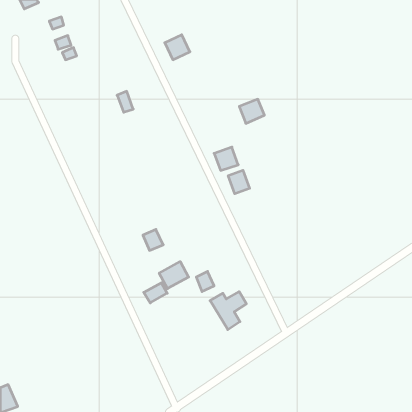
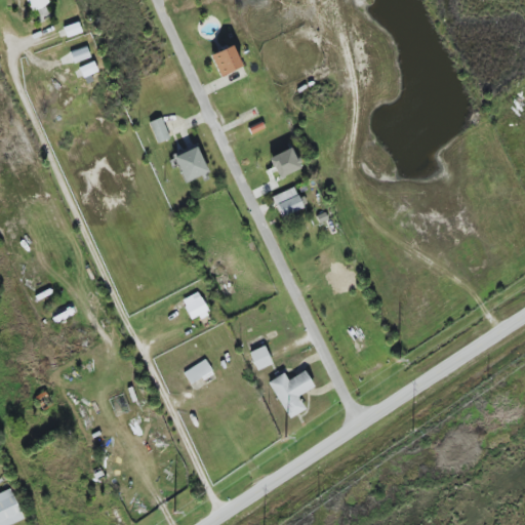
building: [239,99,264,123] -> [270,147,301,177]
building: none -> [173,146,208,183]
building: [228,170,250,194] -> none
building: [159,262,189,289] -> none

